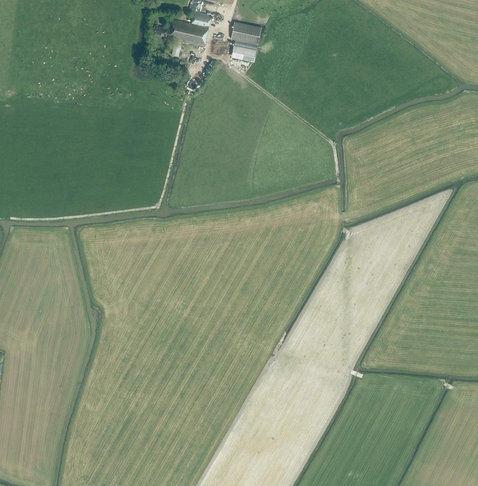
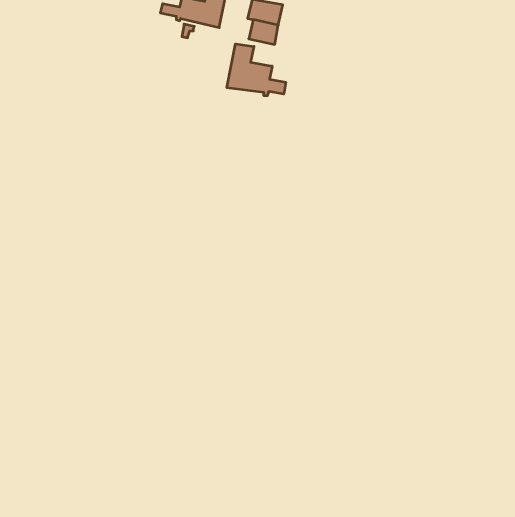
building: none -> [227,44,286,96]

